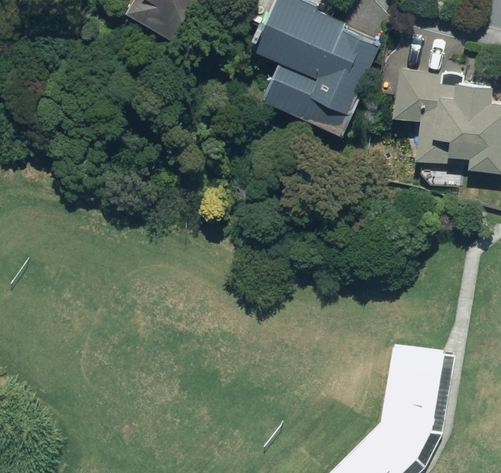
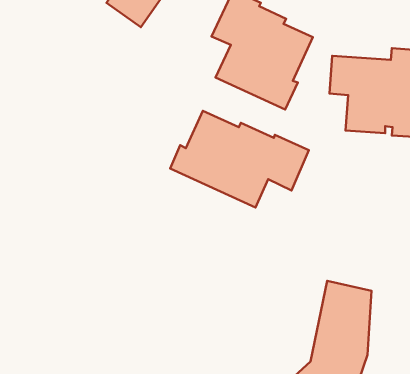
building: none -> [170,111,309,207]

